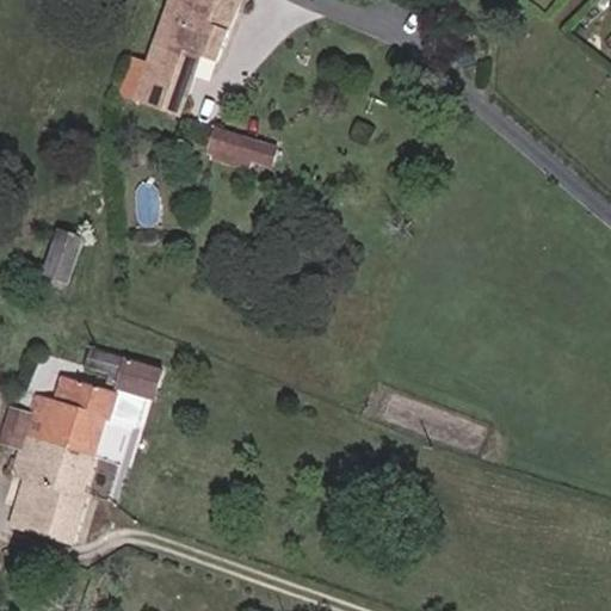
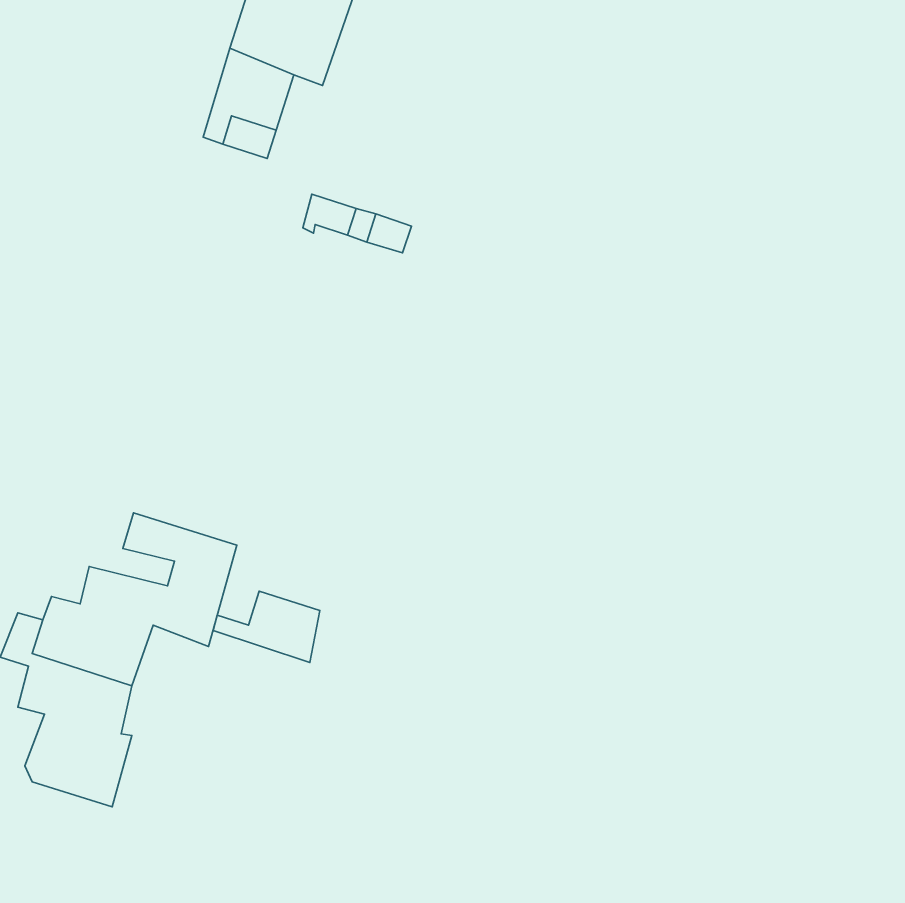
building: [41,226,79,279] -> none
building: none -> [213,591,320,662]

